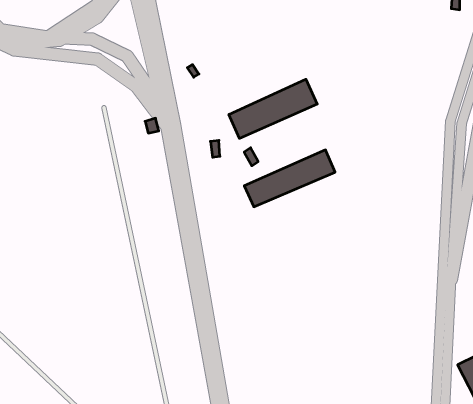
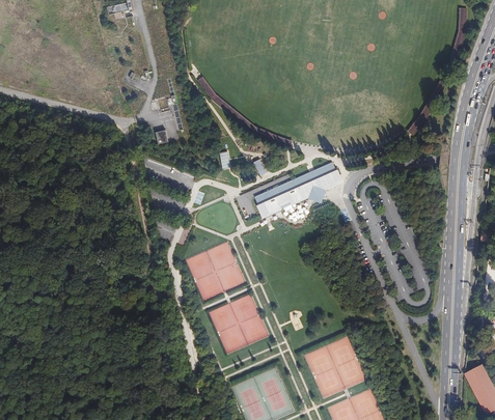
building: [229,79,317,138] -> none

